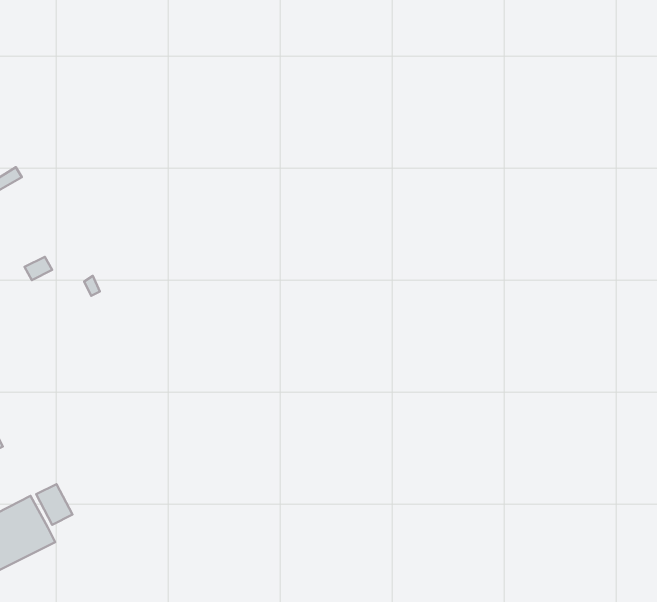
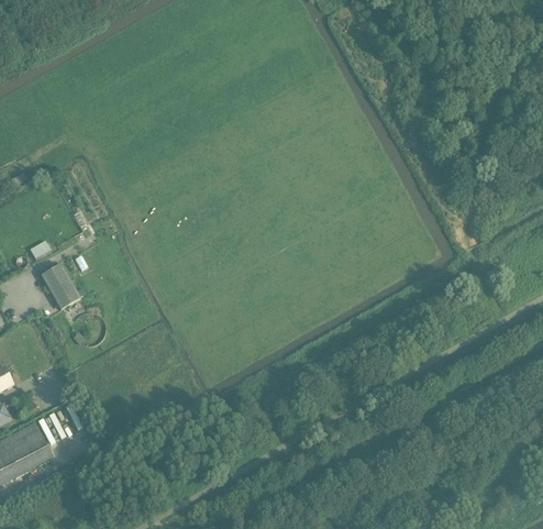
building: none -> [40,263,79,309]

